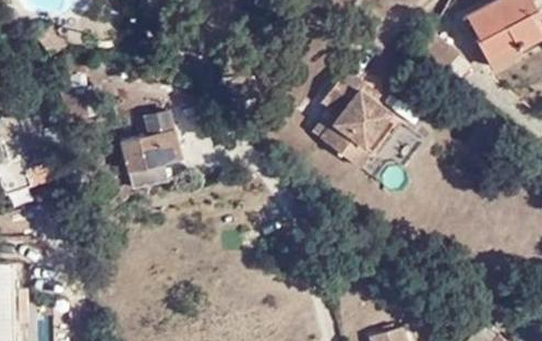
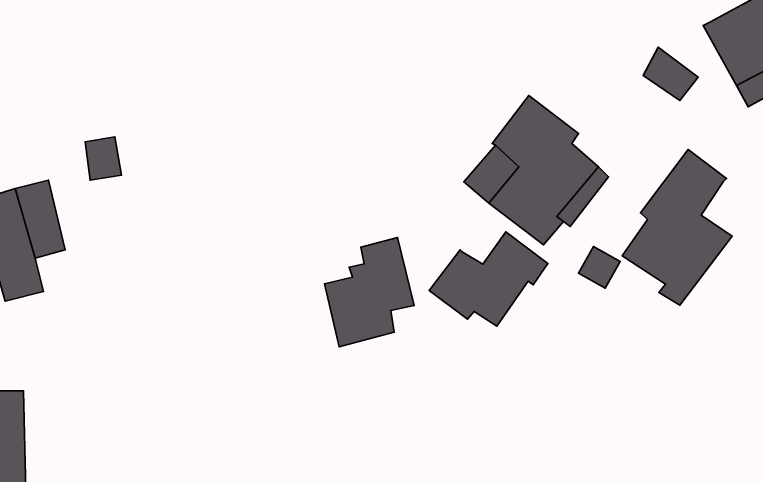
building: none -> [622,150,732,305]
building: [120,115,179,187] -> [324,237,414,347]
building: none -> [429,232,548,326]

